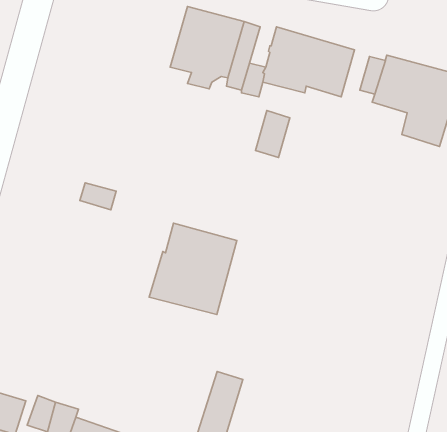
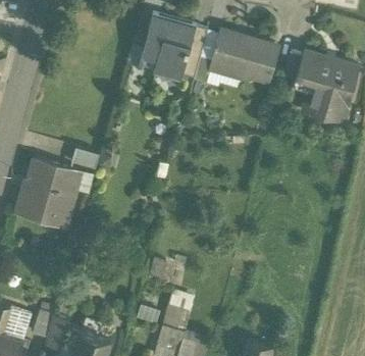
building: [255,111,290,158] -> none
building: [149,223,237,315] -> [15,159,82,228]

